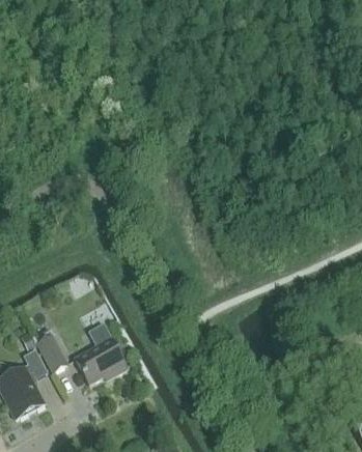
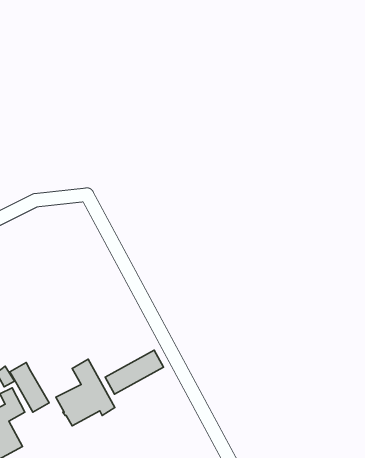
building: none -> [105,350,164,394]

